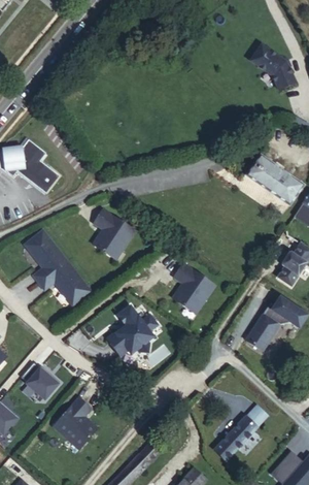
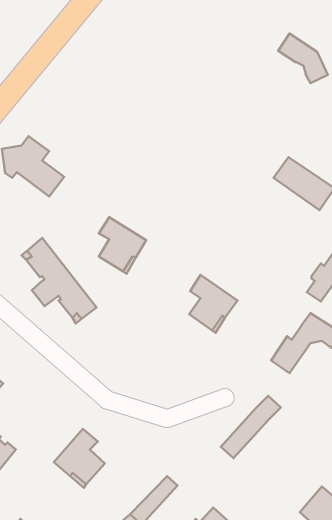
building: [105,305,158,356] -> none
building: [19,366,57,402] -> none
building: [214,406,268,461] -> [221,396,281,458]

